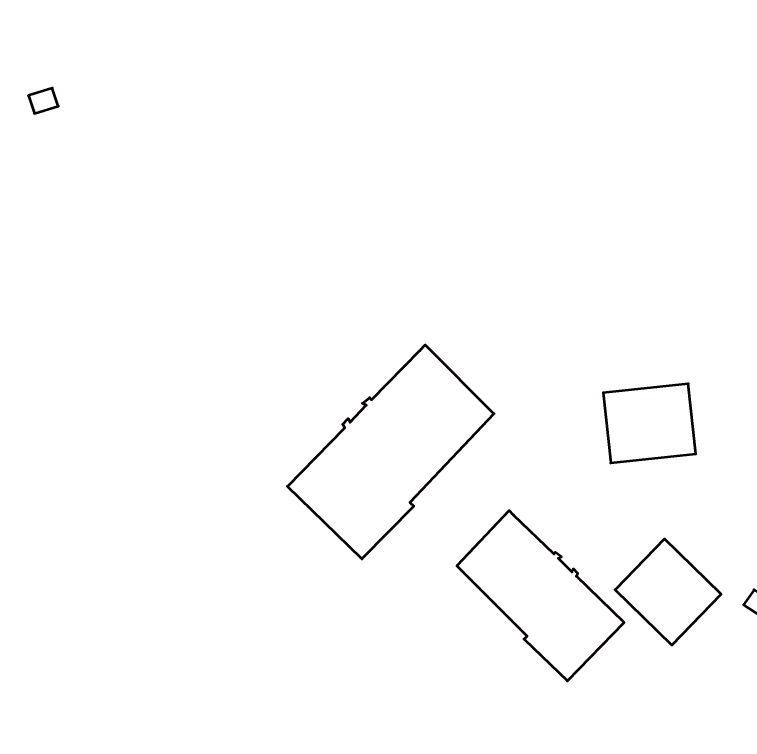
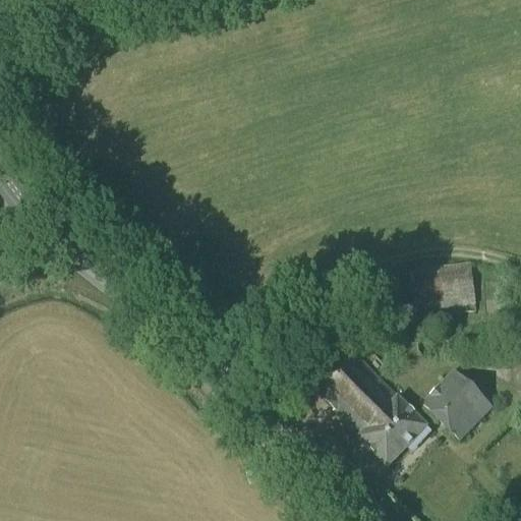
building: [287,345,494,559] -> none

